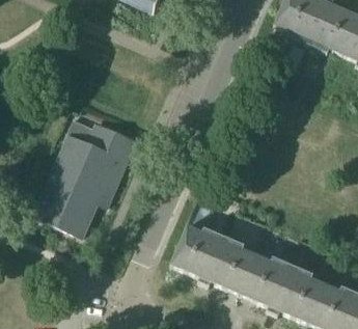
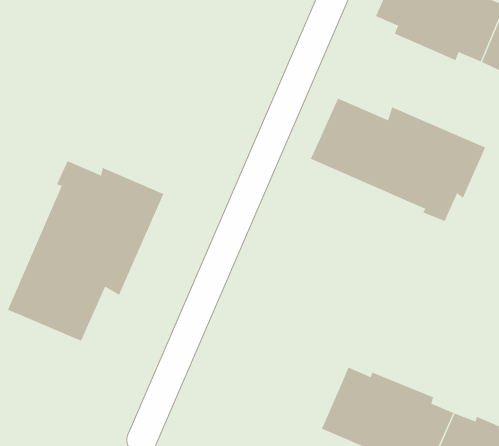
building: none -> [310,98,486,222]
building: [171,223,258,293] -> none

